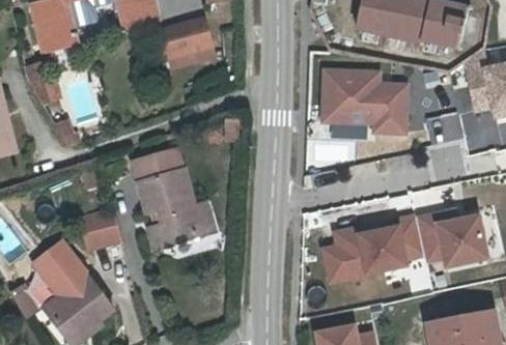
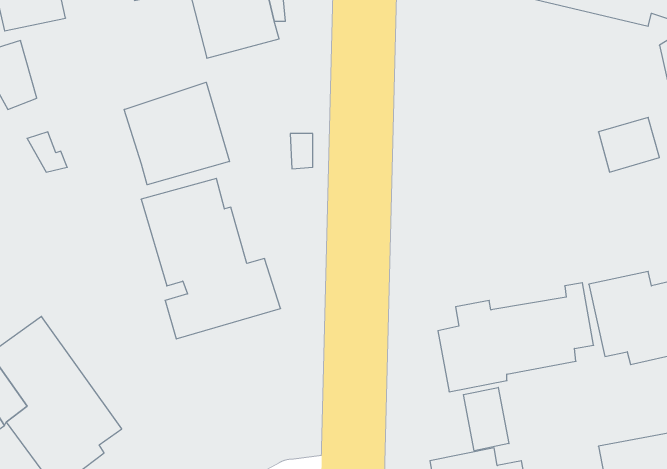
building: [321,68,411,139] -> none
building: none -> [124,82,229,185]
building: [76,208,121,253] -> none
building: none -> [463,387,509,451]

